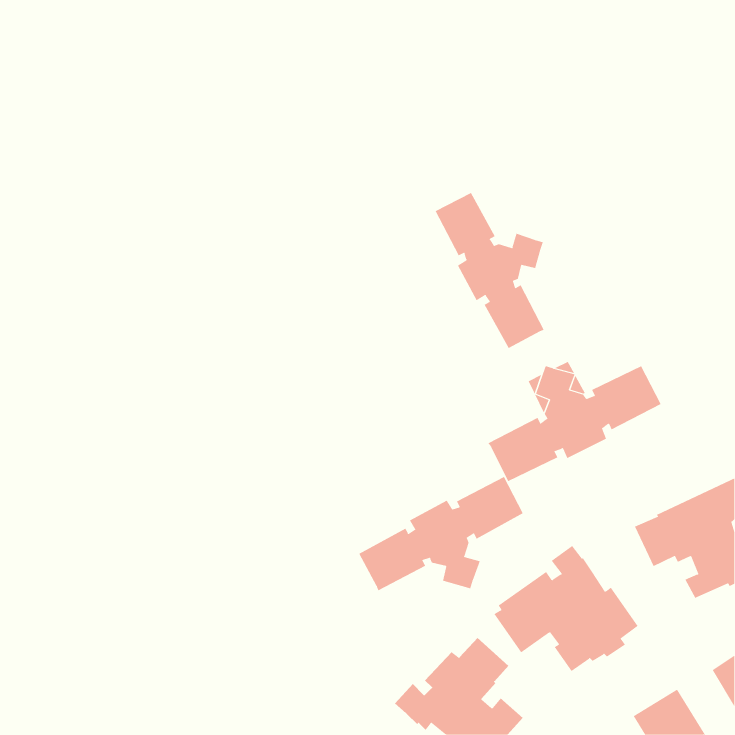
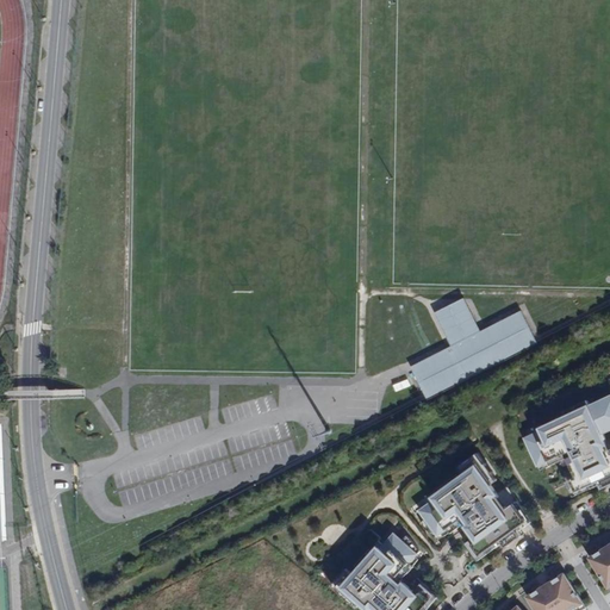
building: [435,192,545,349] -> none
building: [359,476,523,591] -> none

